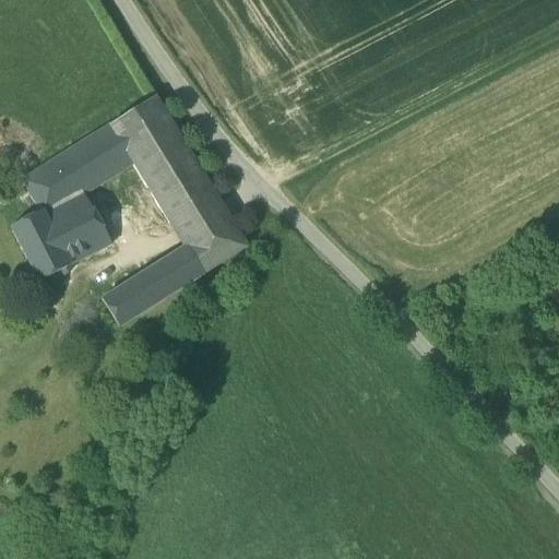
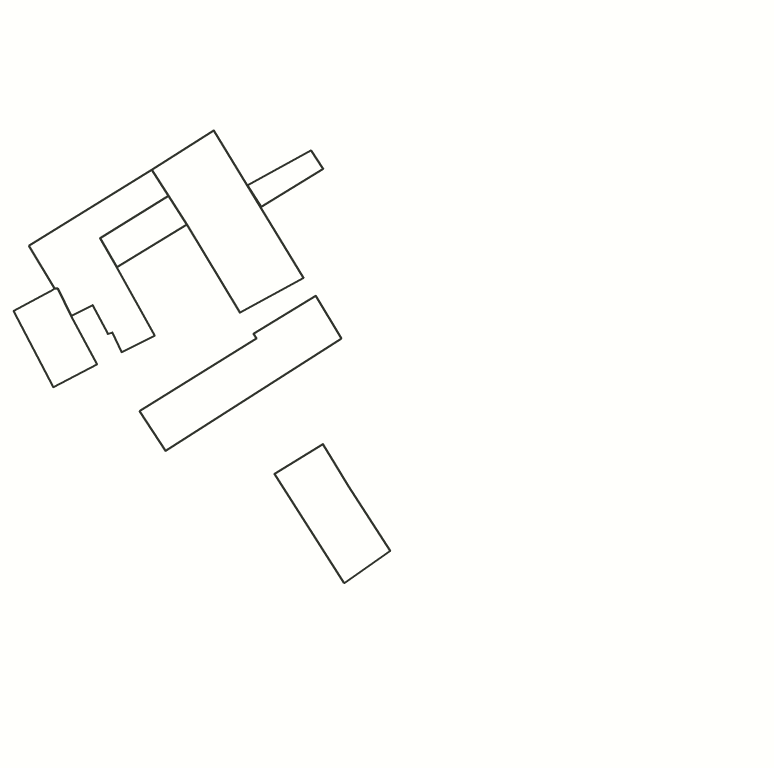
building: [174,200,228,240] -> [247,151,323,207]
building: [52,219,88,262] -> none
building: none -> [275,444,390,583]

